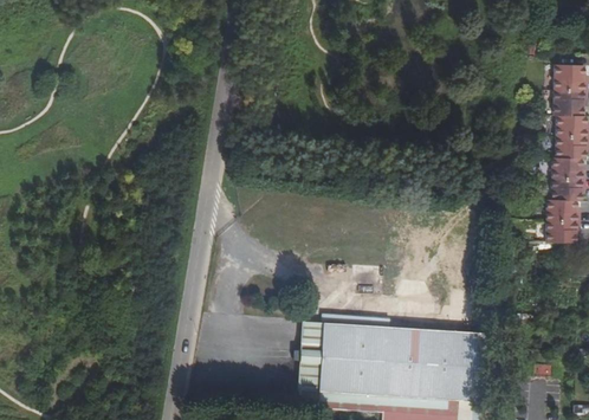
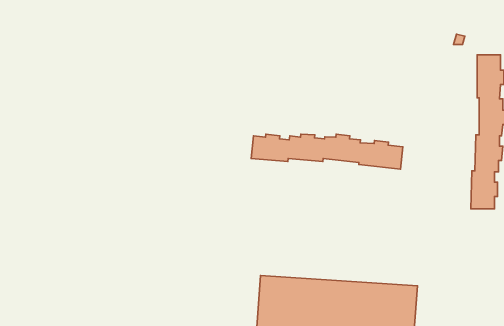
building: none -> [251,134,403,169]

